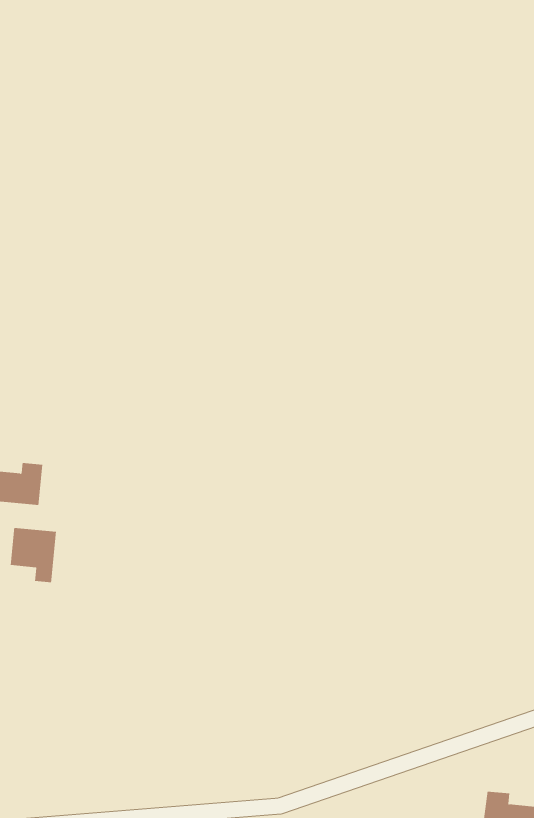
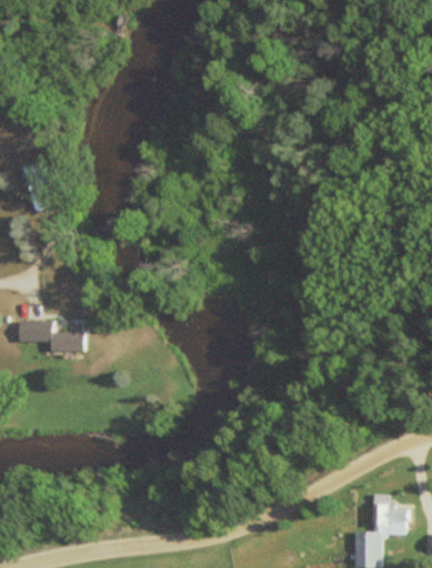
building: [10,527,56,583] -> none

